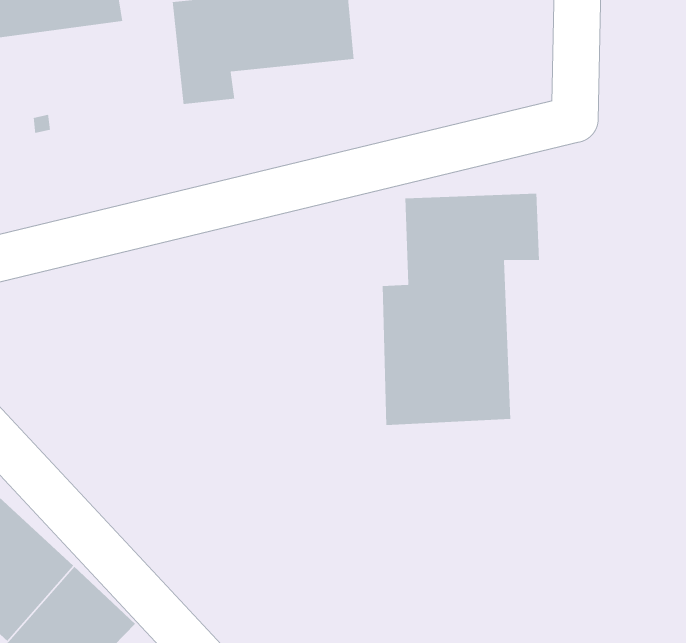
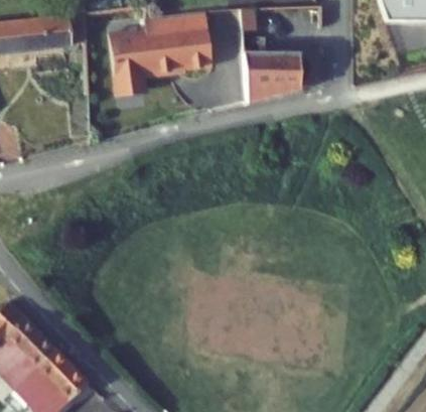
building: none -> [247,50,322,99]
building: [382,193,540,426] -> none

